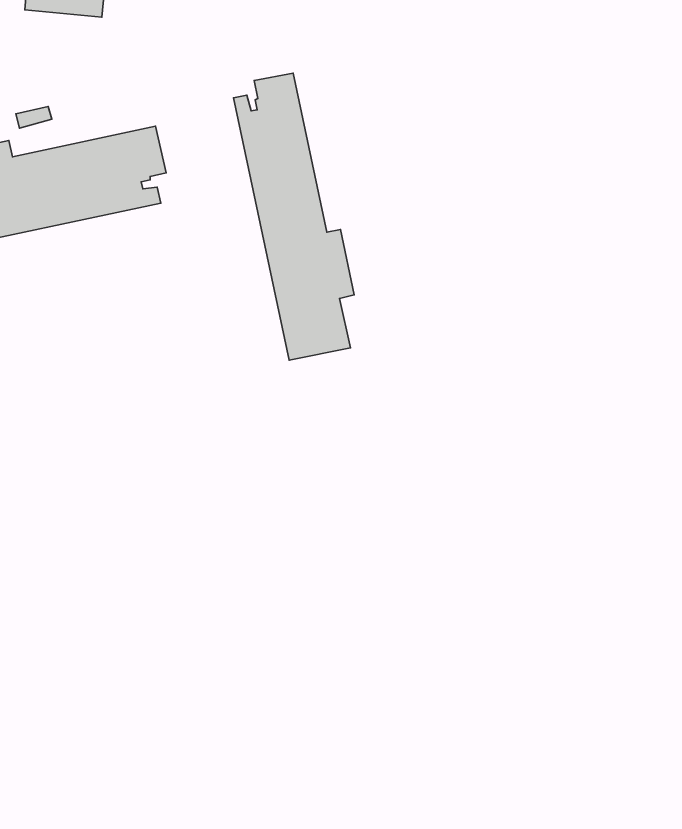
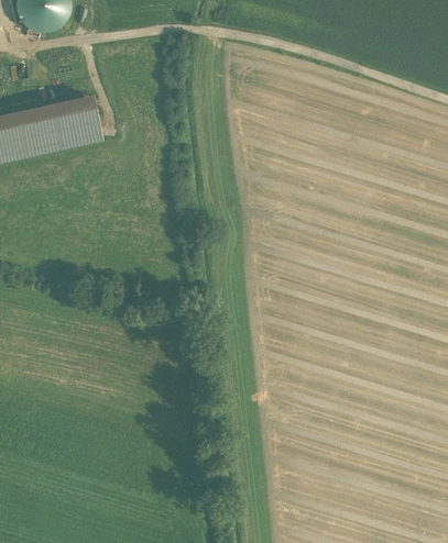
building: [233,73,354,360] -> none

